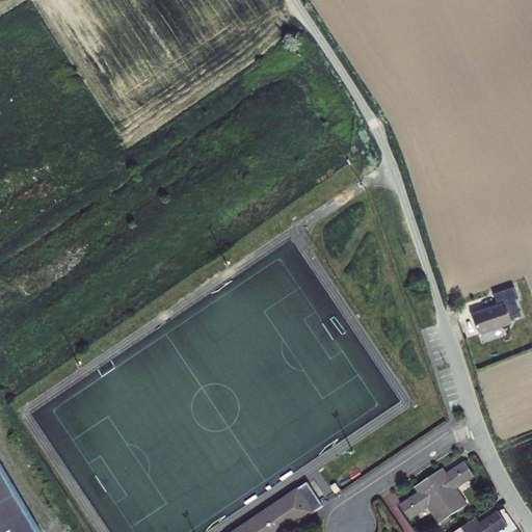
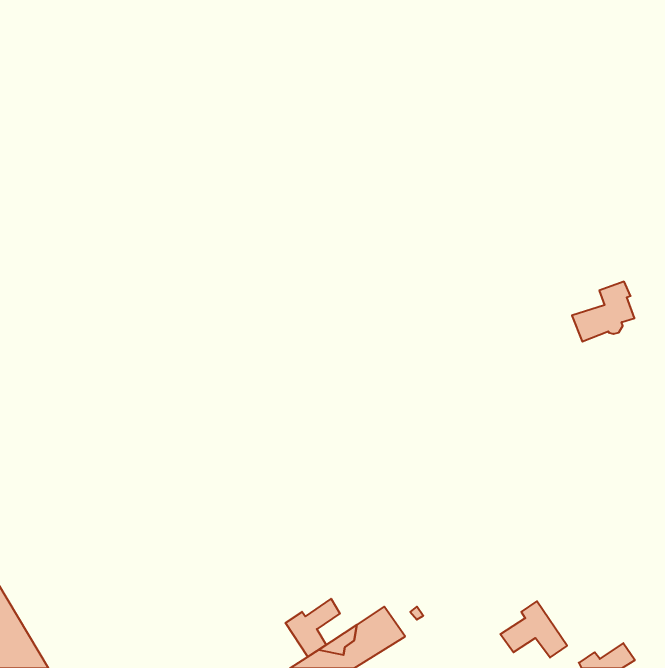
building: [471,285,521,332] -> [572,282,635,342]
building: [427,461,472,513] -> none
building: none -> [286,599,340,657]

